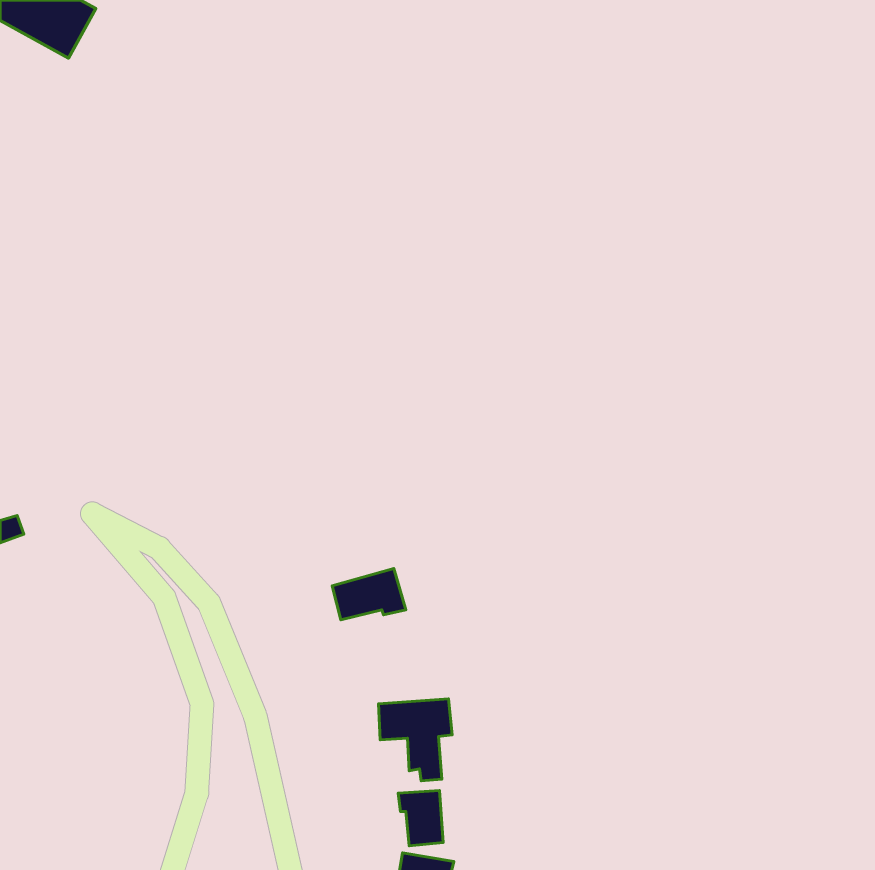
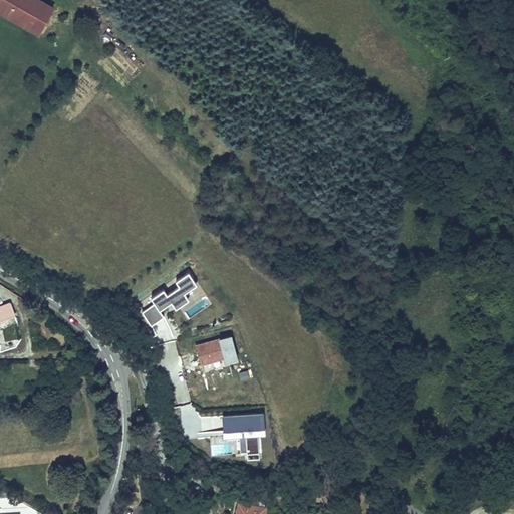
building: none -> [141,273,196,326]
building: [398,791,443,846] -> none

